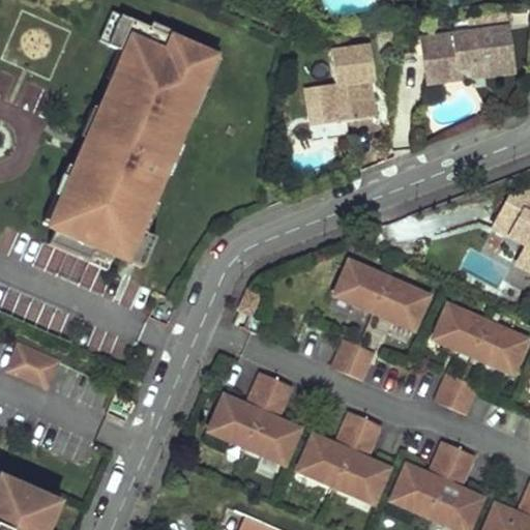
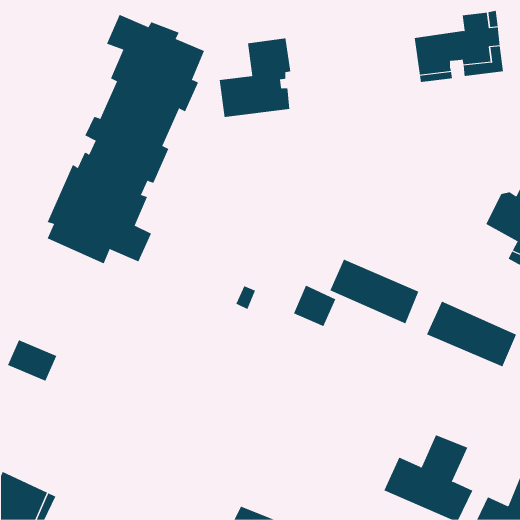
building: [304,45,378,125] -> [219,38,291,117]
building: [331,340,375,382] -> [293,285,336,327]
building: [209,372,299,463] -> none
building: [434,374,477,415] -> none
building: [298,411,387,501] -> none

